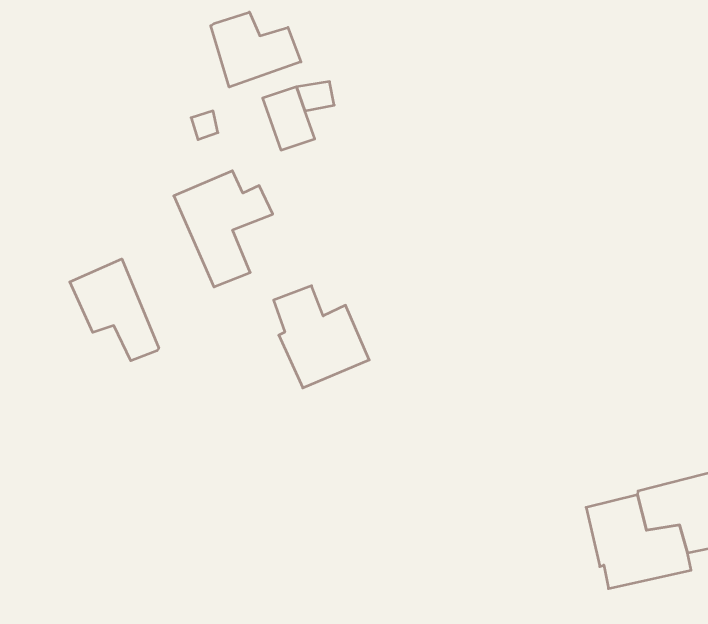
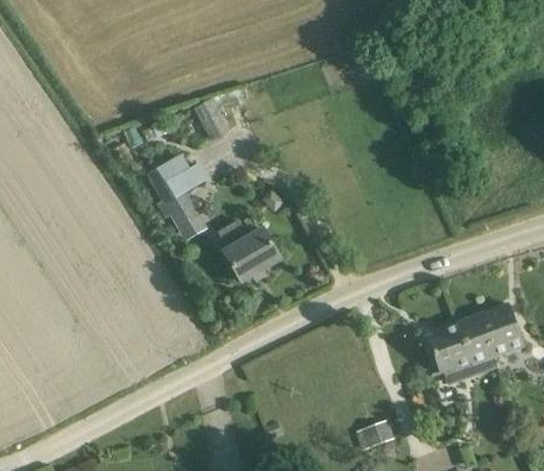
building: [211,12,301,87] -> none
building: [70,259,159,361] -> none

